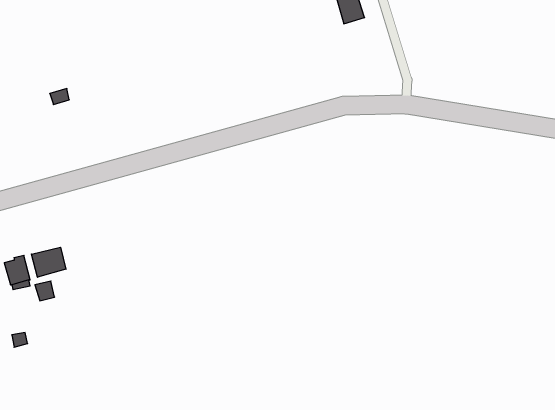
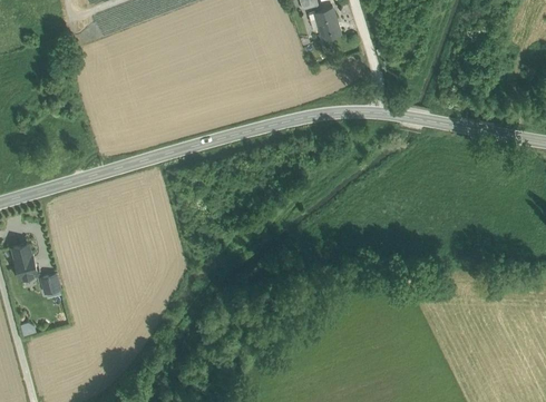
building: [31,247,66,277] -> none

